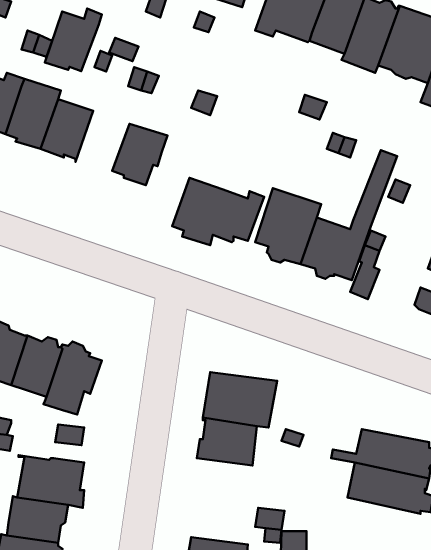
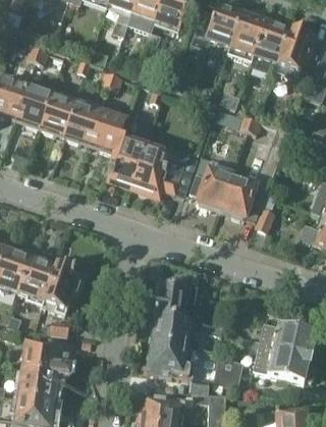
building: [45,9,102,71] -> [64,100,104,144]
building: none -> [106,130,147,183]
building: none -> [147,344,188,378]
building: none -> [212,359,243,389]

